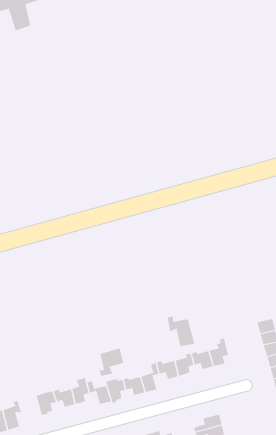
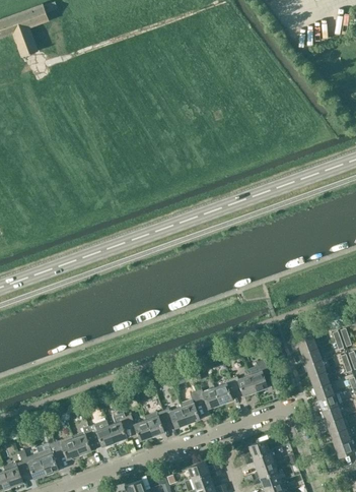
building: [167,316,195,347] -> none
building: [99,348,124,376] -> none
building: none -> [55,436,80,460]

